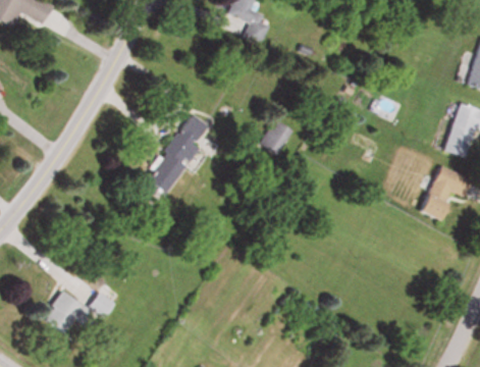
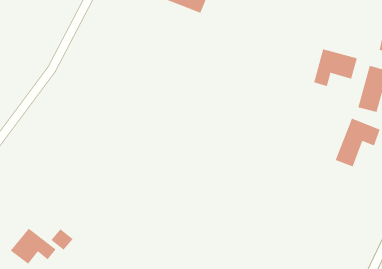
building: none -> [314,49,357,87]
building: [143,113,207,196] -> none
building: [262,120,292,155] -> none

